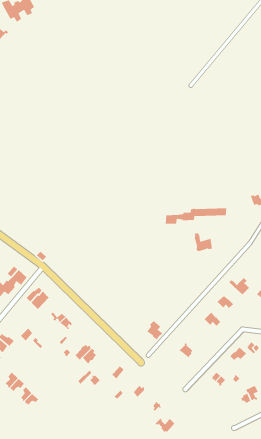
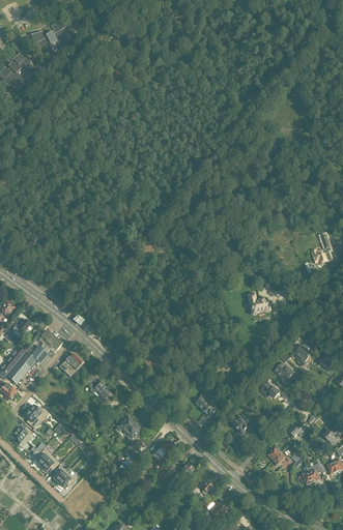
building: [165,207,227,224] -> none

